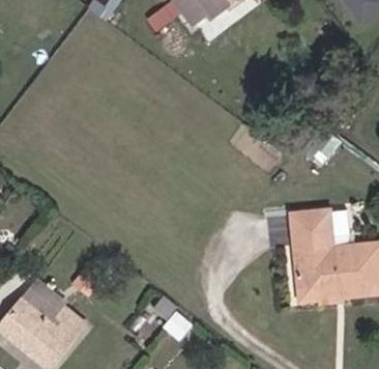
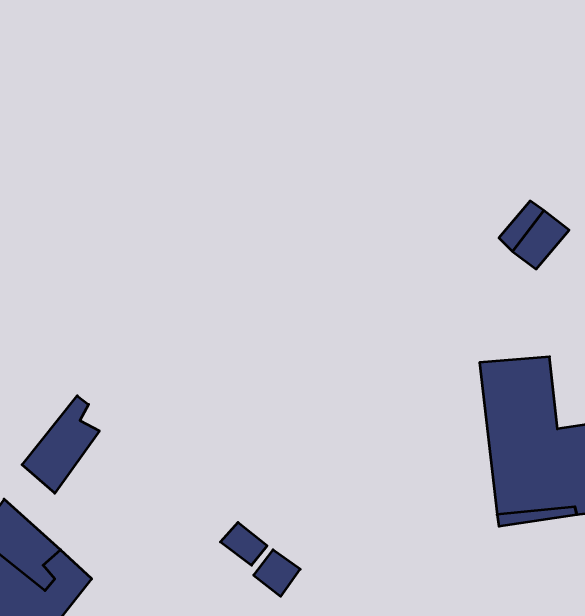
building: none -> [22,396,99,493]

